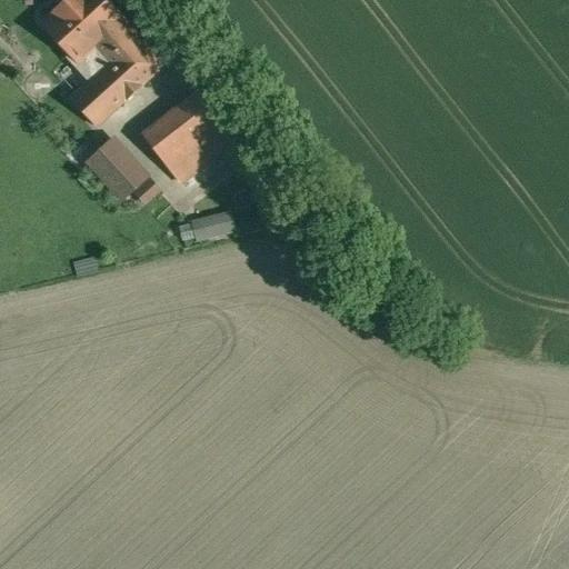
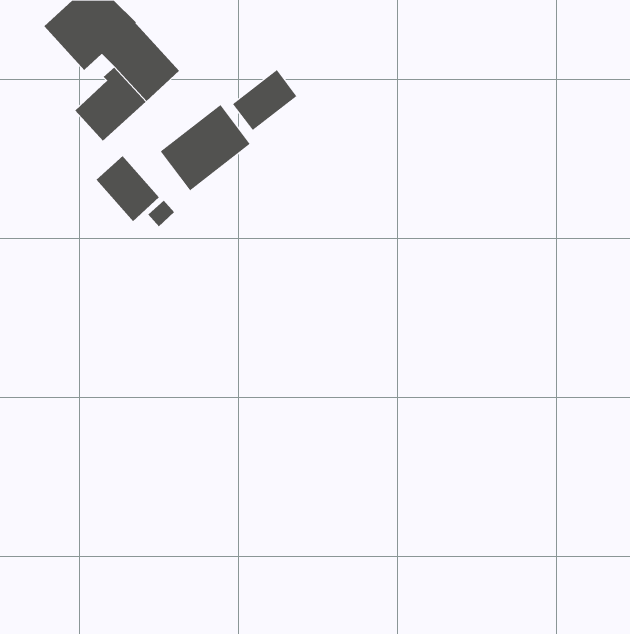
building: none -> [232,69,297,131]
building: [187,210,232,242] -> none

